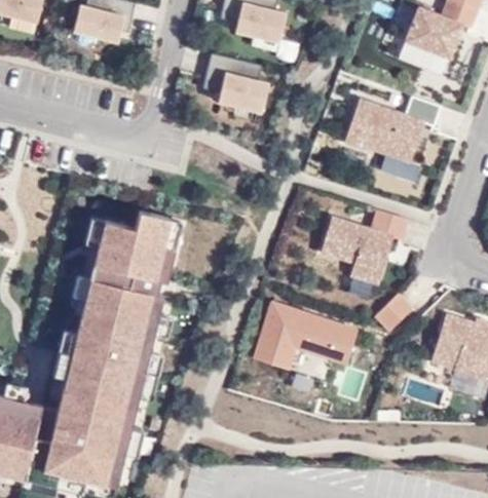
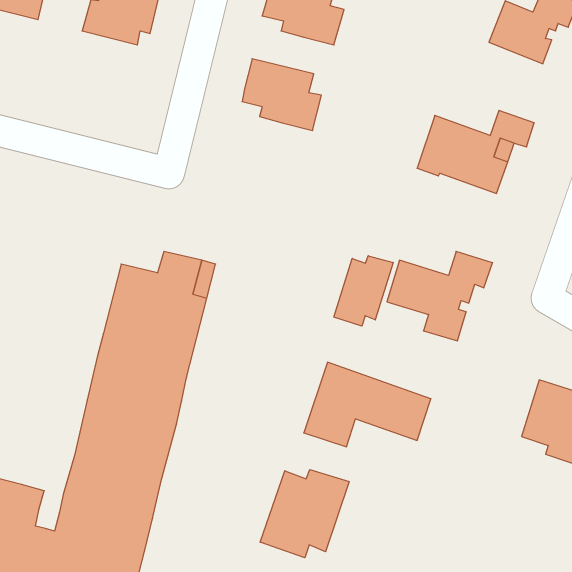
building: none -> [334,256,393,326]
building: [372,296,415,338] -> none
building: none -> [260,470,349,558]

